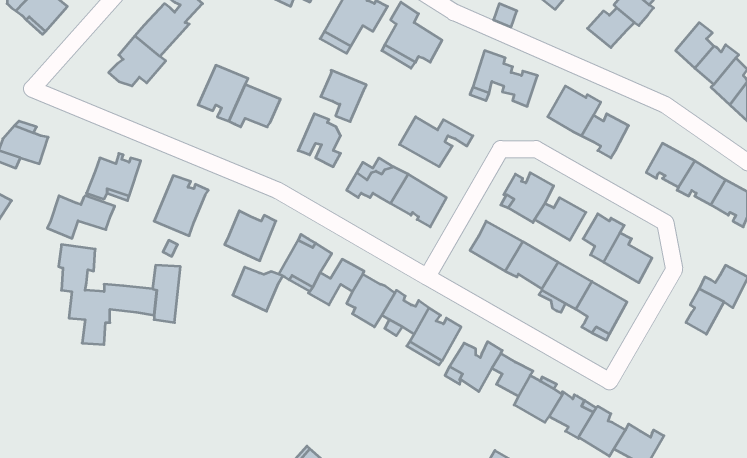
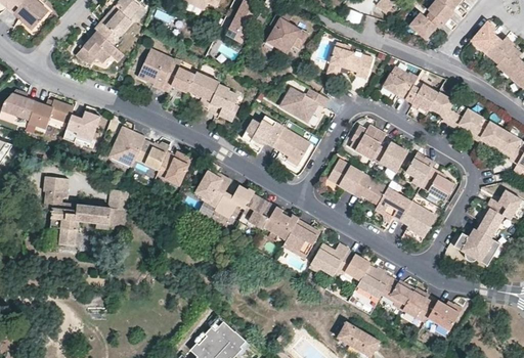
building: [321,70,366,122] -> [188,73,220,108]
building: none -> [429,92,462,126]
building: [47,196,115,238] -> [26,101,73,131]
building: [233,267,283,311] -> [135,141,170,172]
building: none -> [455,228,501,266]

